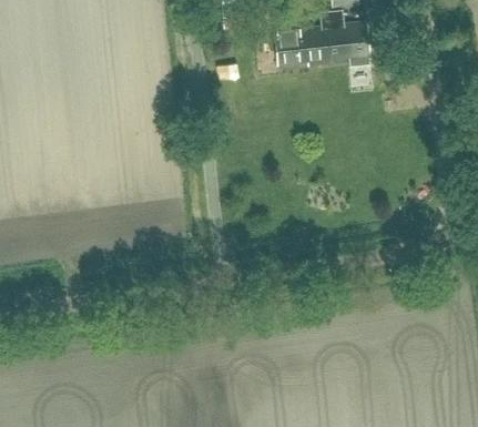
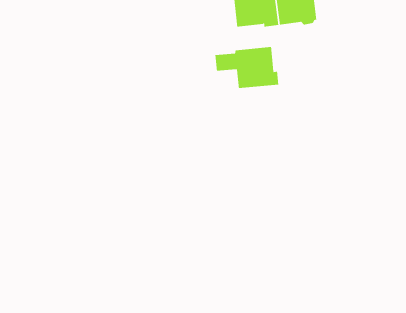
building: none -> [215,46,279,89]

